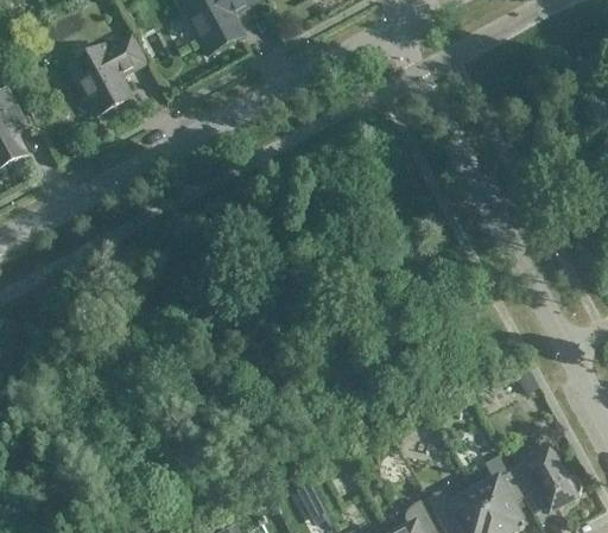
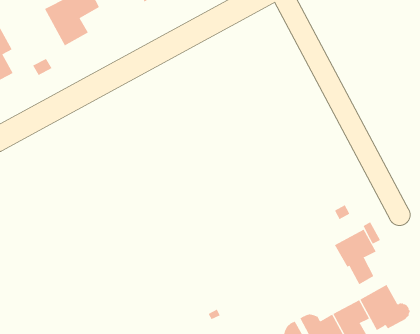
building: none -> [334,229,376,285]

